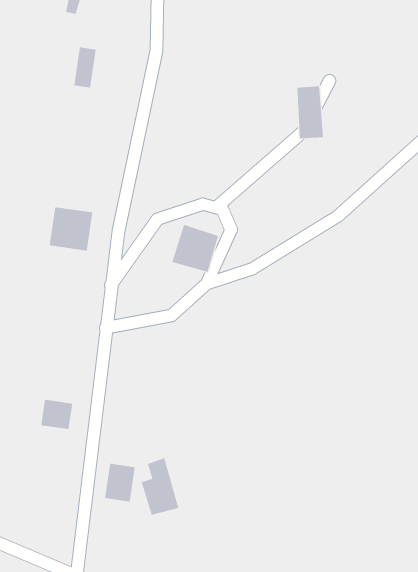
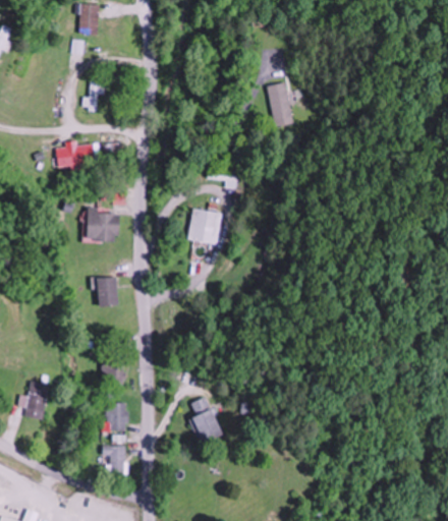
building: none -> [56,142,94,168]
building: none -> [97,277,119,306]
building: [104,463,136,502] -> [106,403,127,431]
building: none -> [102,446,125,474]

